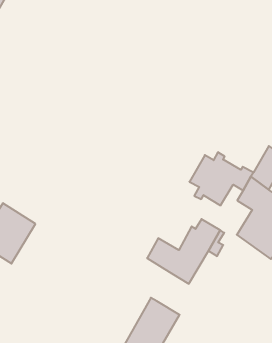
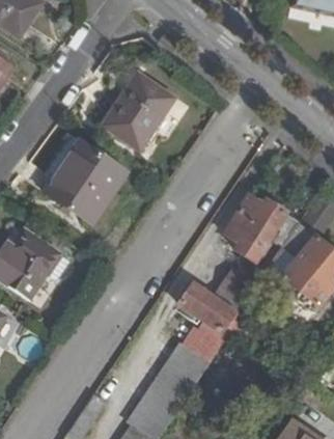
building: none -> [103,77,172,150]
building: none -> [45,144,122,223]
building: none -> [184,320,226,365]

